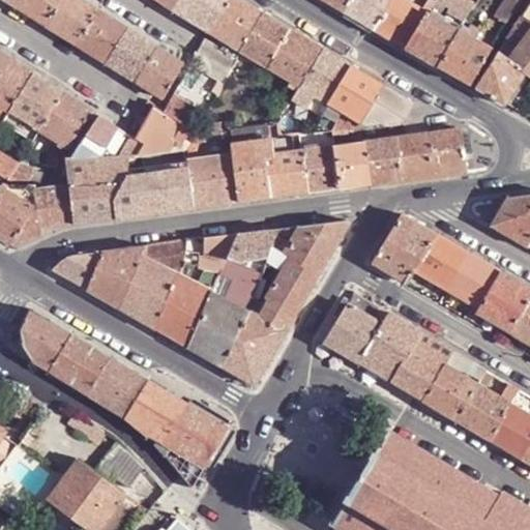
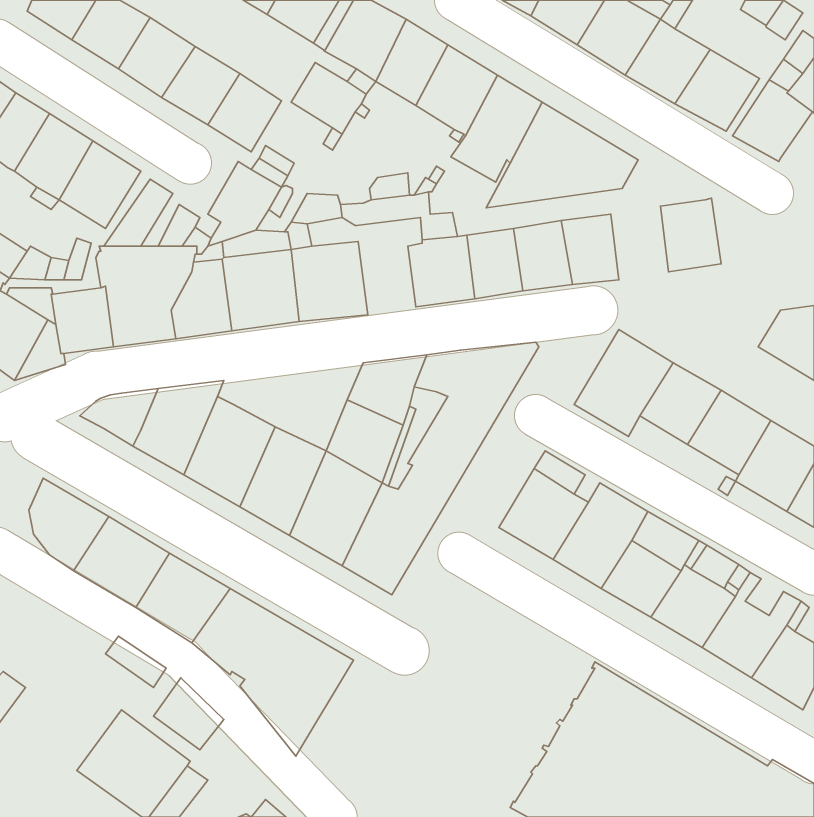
building: [395,134,433,181] -> none
building: [231,141,273,204] -> none
building: [141,235,235,292] -> none

